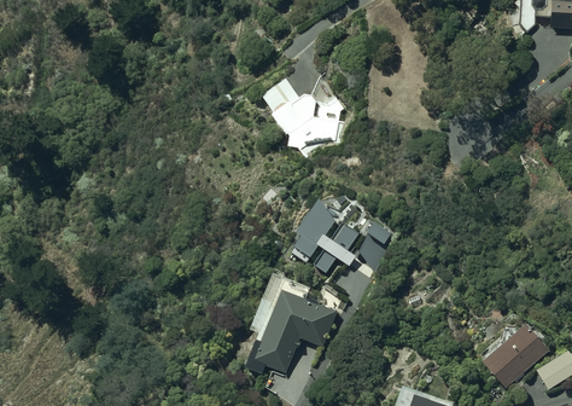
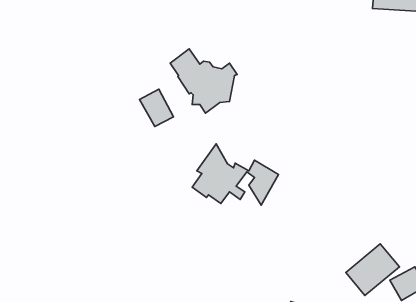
building: none -> [140,89,174,126]
building: [244,274,339,375] -> none

